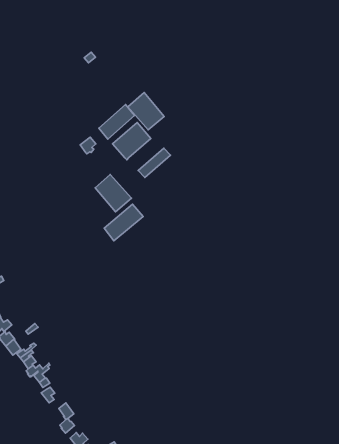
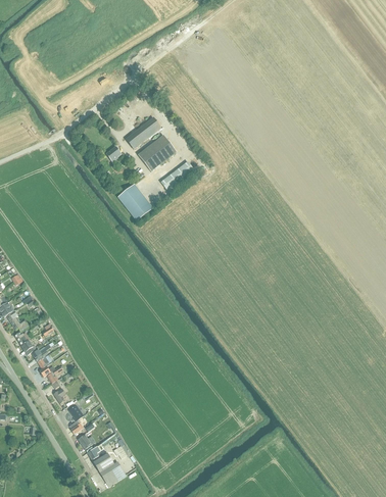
building: [128,92,164,130] -> none
building: [104,204,143,241] -> none

